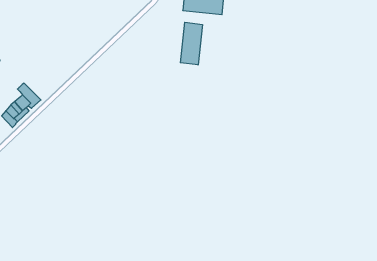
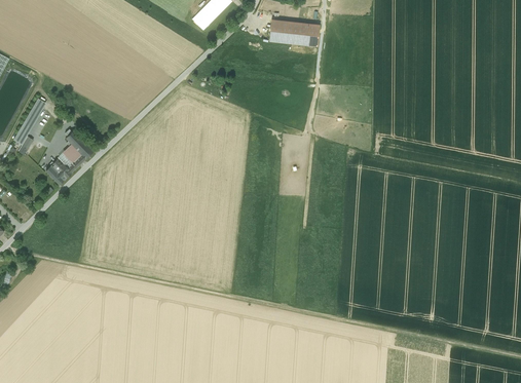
building: [180,22,202,65] -> none

